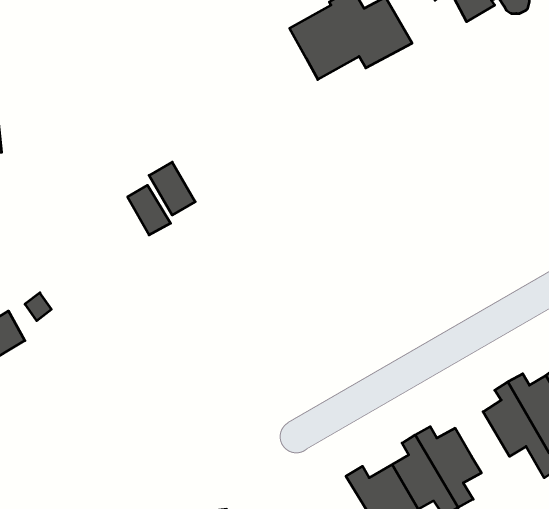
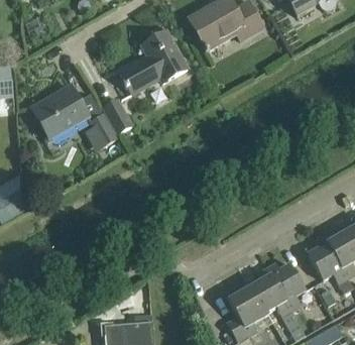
building: none -> [120,29,188,93]
building: none -> [34,84,89,138]

